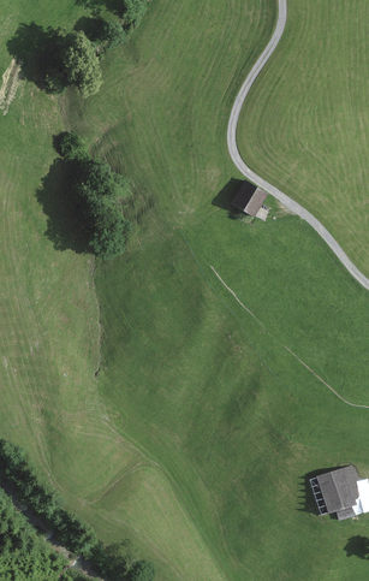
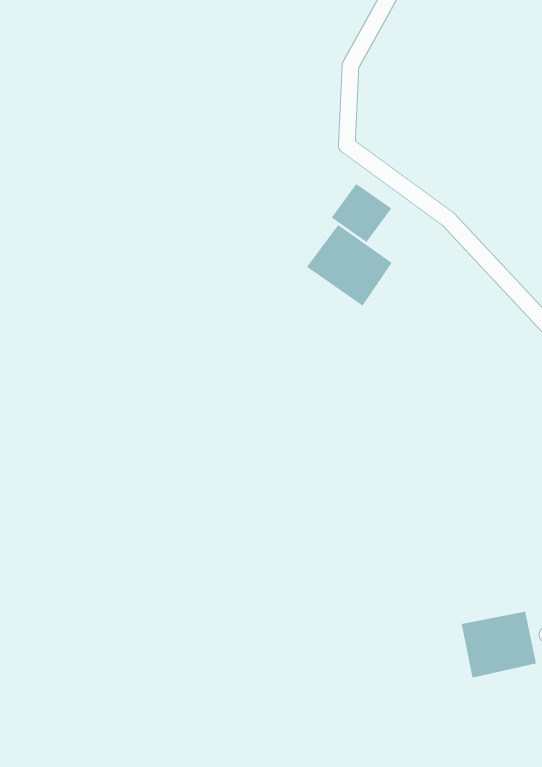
building: none -> [306,224,393,307]

